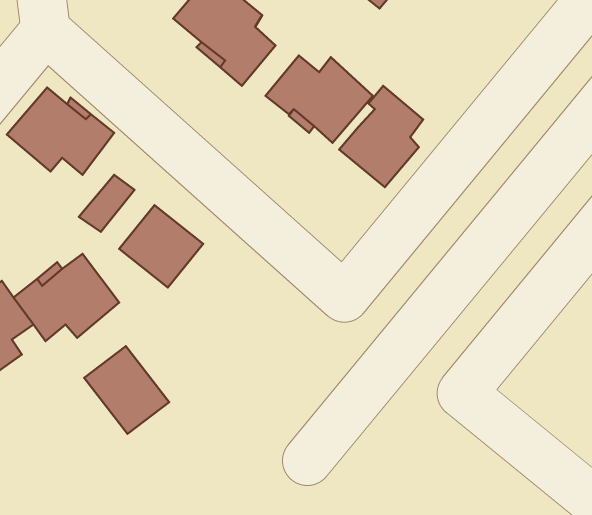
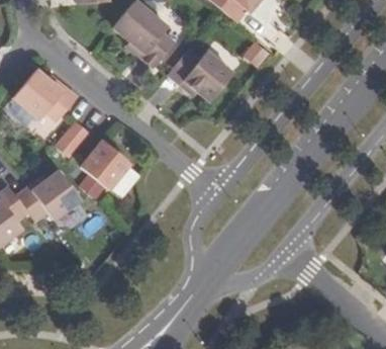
building: [339,86,423,187] -> none
building: [84,346,169,434] -> none

